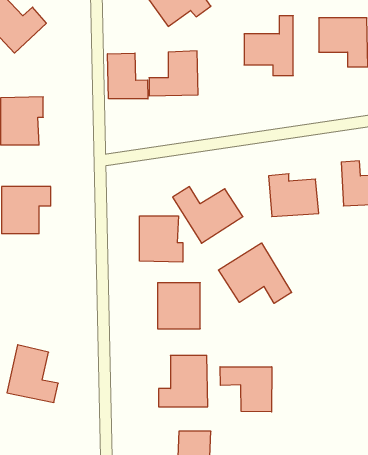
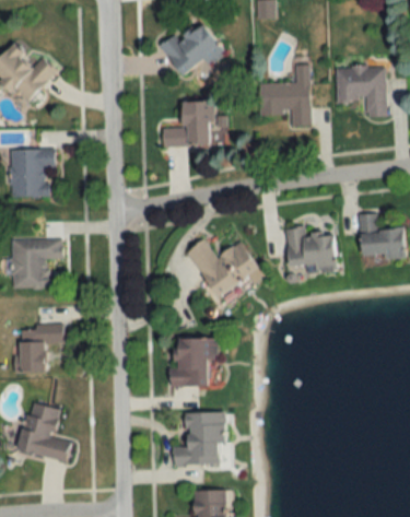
building: [108,53,148,99] -> none
building: [140,216,183,262] -> none
building: [218,243,292,303] -> none
building: none -> [19,325,65,372]
building: [220,367,272,412] -> none

